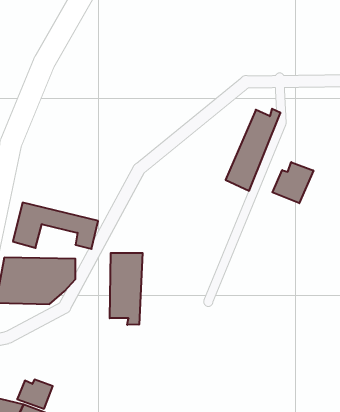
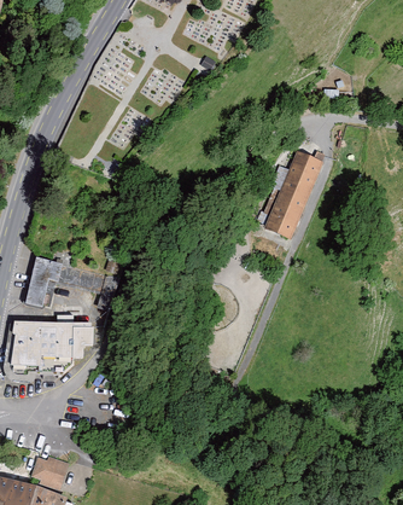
building: [272,162,313,203] -> none
building: [110,253,143,325] -> none

